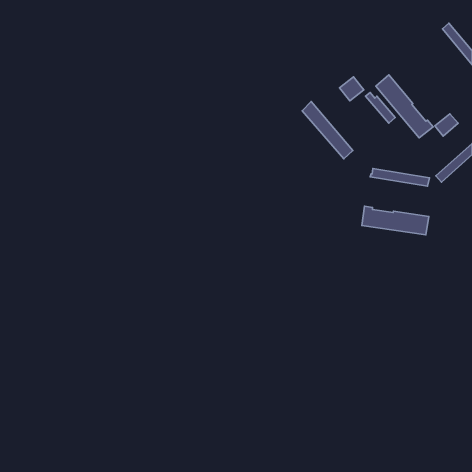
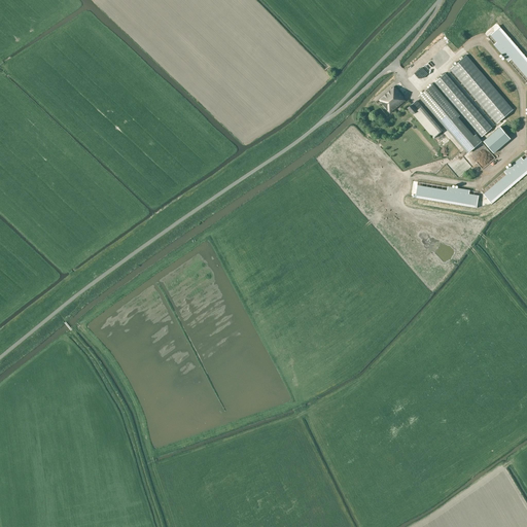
building: none -> [449,55,512,122]
building: [302,102,353,159] -> [434,72,491,136]
building: [362,206,429,235] -> none

